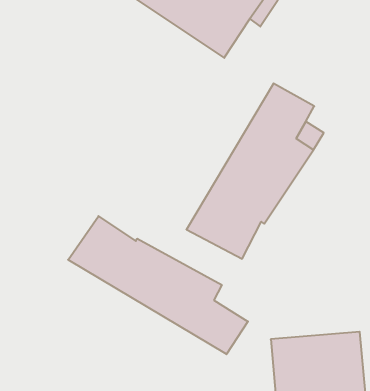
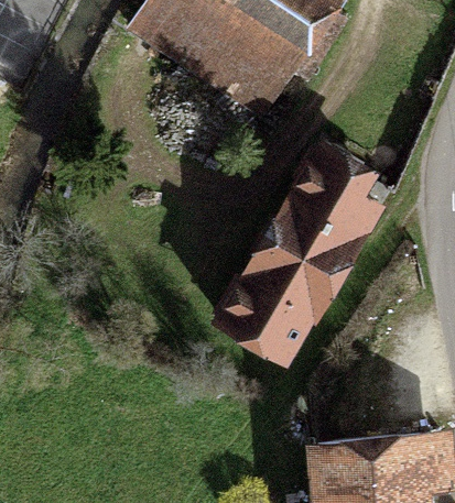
building: [68,216,248,354] -> none

